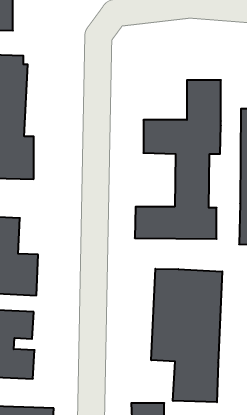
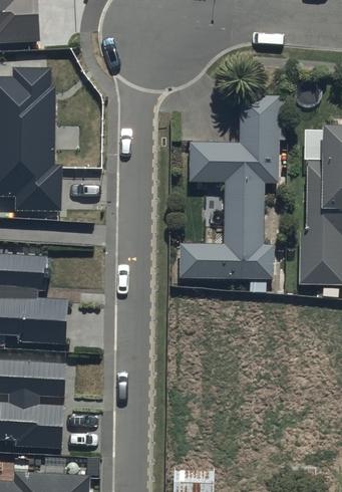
building: [151,269,222,402] -> none

